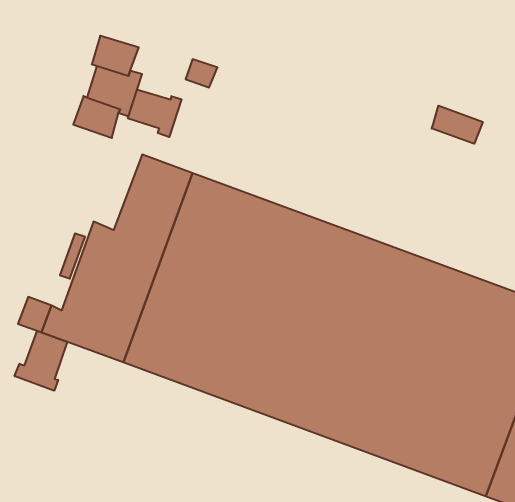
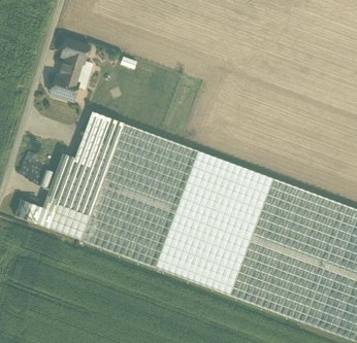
building: [128,90,181,137] -> none
building: [432,106,483,144] -> none
building: [15,331,67,391] -> none

